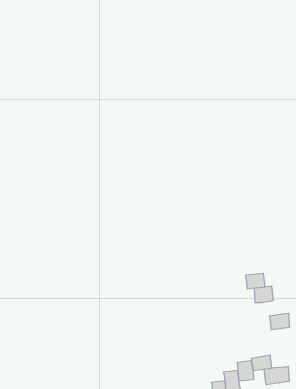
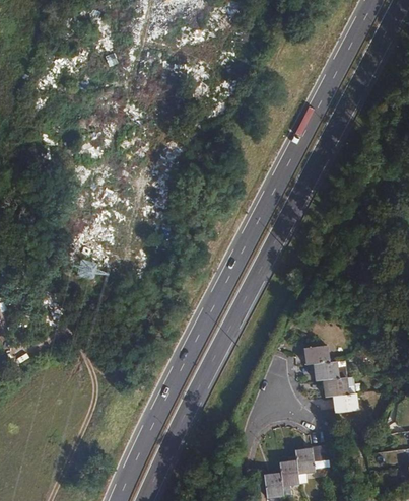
building: none -> [327,376,351,397]
building: [264,366,289,385] -> none

